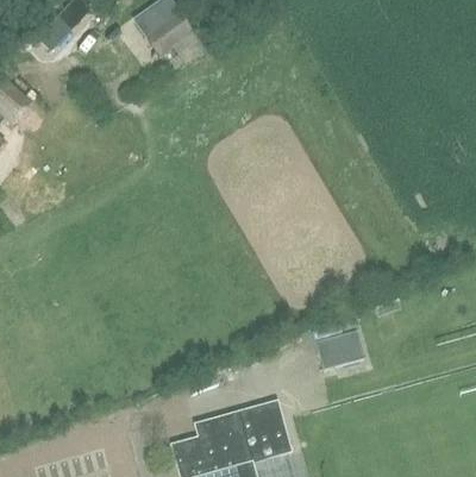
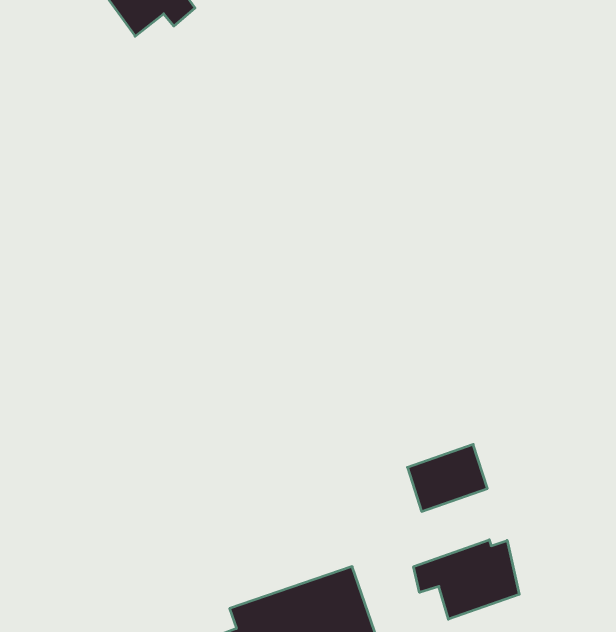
building: none -> [414,540,519,619]

